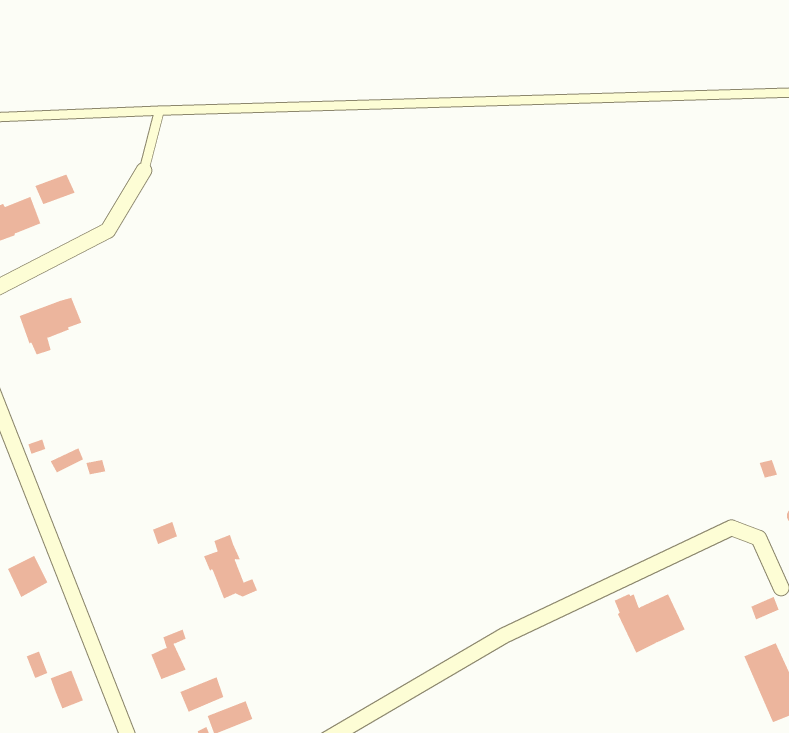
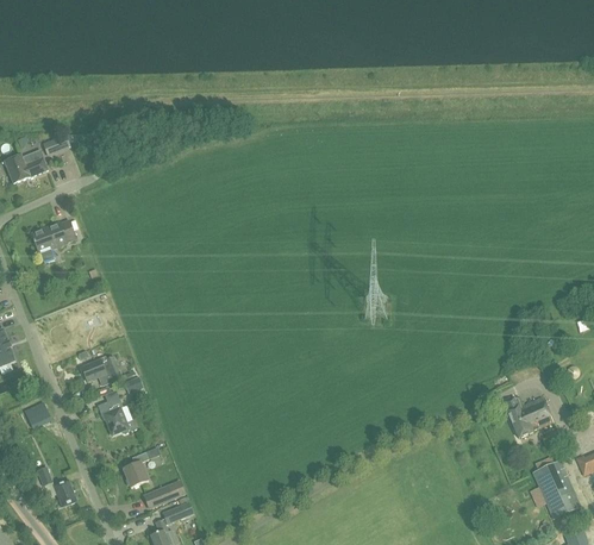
building: none -> [81,355,120,384]
building: [203,534,258,599] -> [96,388,135,433]
building: [614,594,685,653] -> [502,395,552,437]

